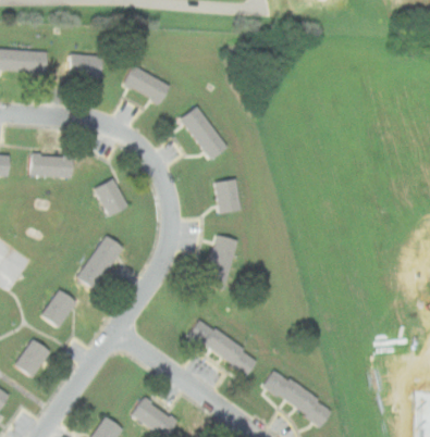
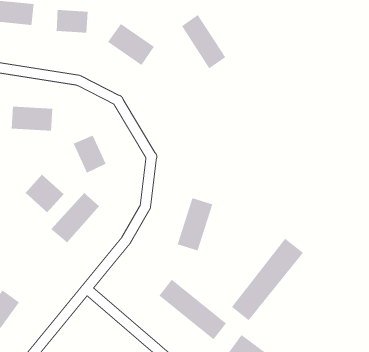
building: [180,107,226,161] -> [181,14,226,69]
building: [214,179,239,213] -> none
building: none -> [25,174,65,213]
building: none -> [231,238,304,321]
building: [41,288,77,327] -> none

